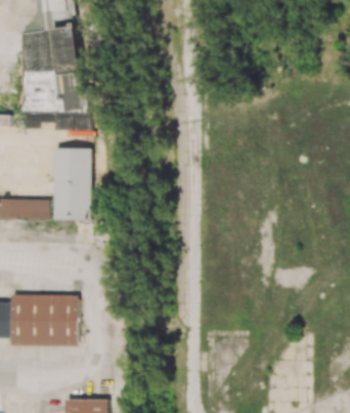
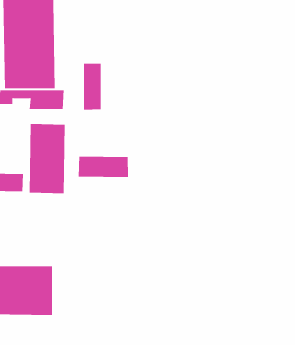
building: none -> [84,63,101,111]
building: none -> [78,156,129,178]

